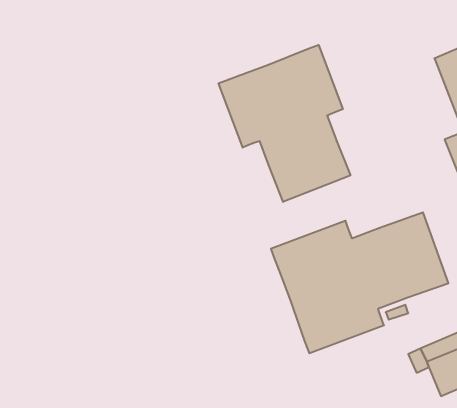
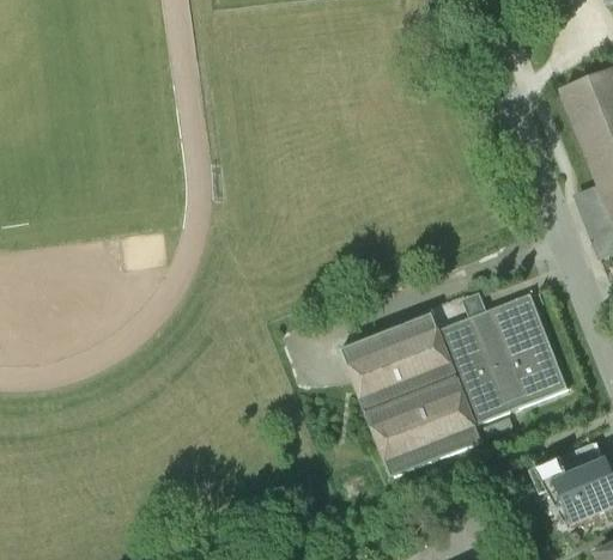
building: [219,45,350,202] -> none

